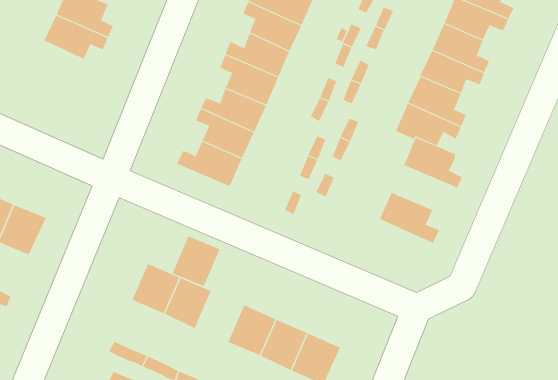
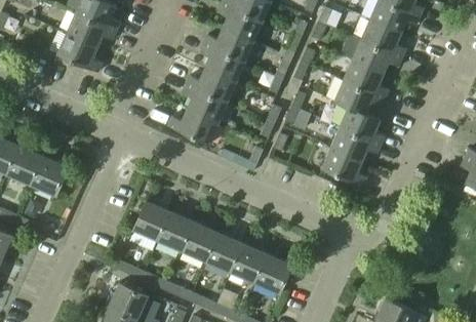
building: none -> [57,33,103,72]
building: none -> [330,127,381,161]
building: [172,236,220,287] -> [182,223,219,261]

